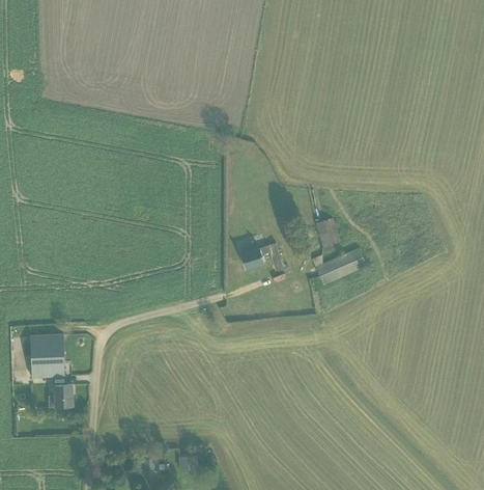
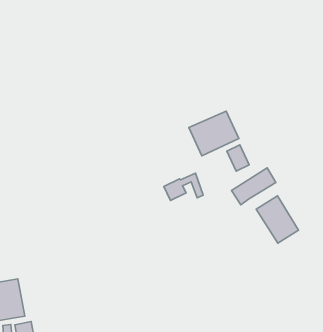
building: none -> [189,111,239,156]
building: none -> [256,196,298,243]

